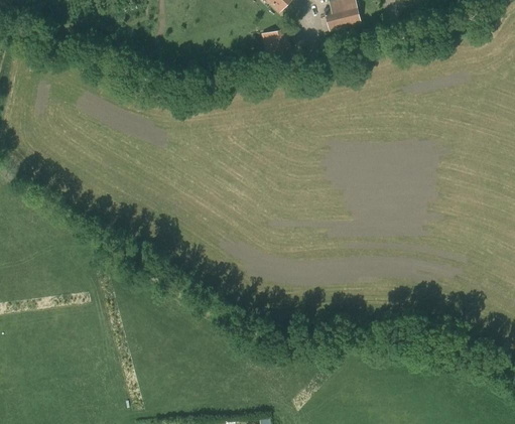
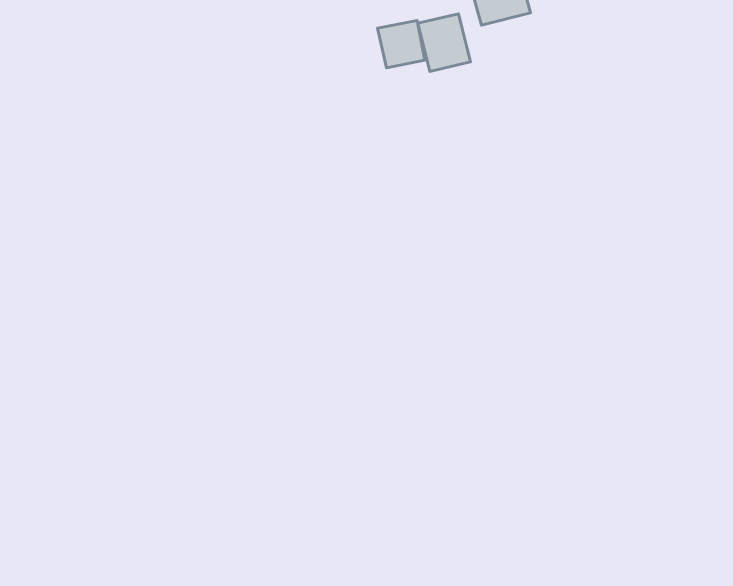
building: none -> [418,14,470,71]

